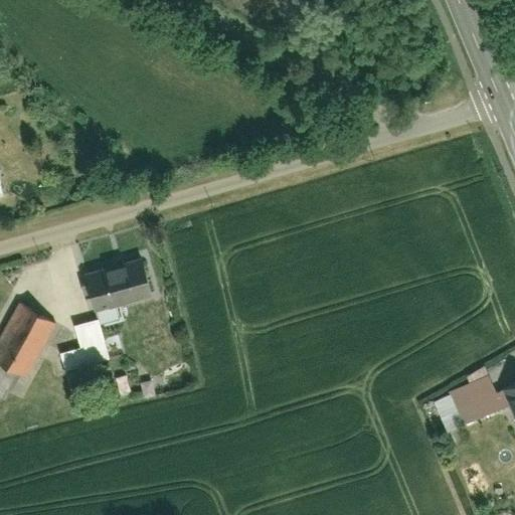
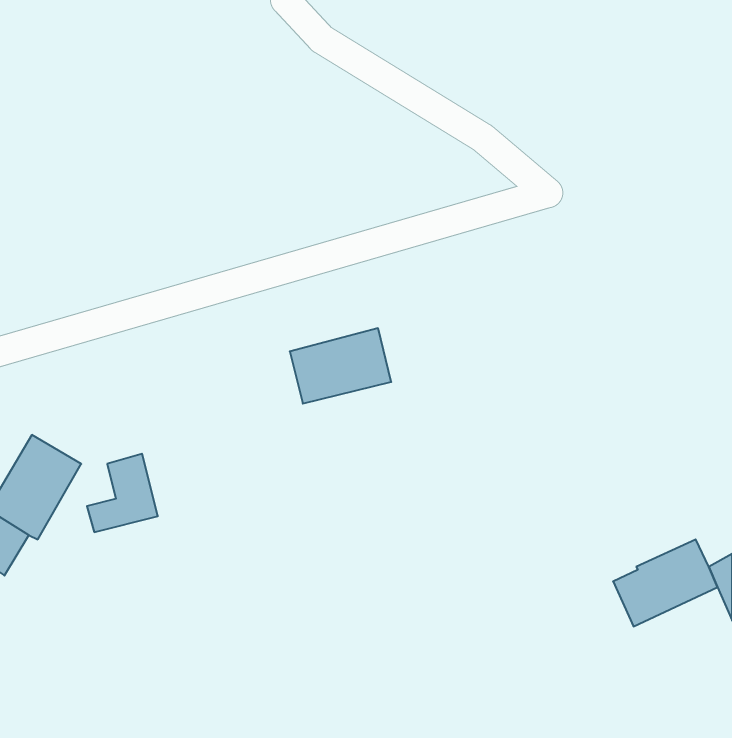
building: [85,258,156,310] -> [290,328,391,404]

